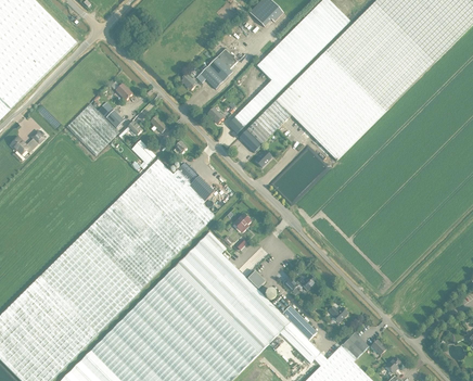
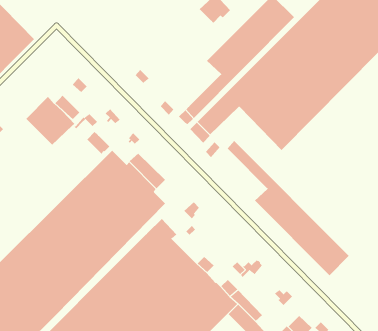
building: [200,50,237,89] -> none
building: none -> [227,140,350,276]

